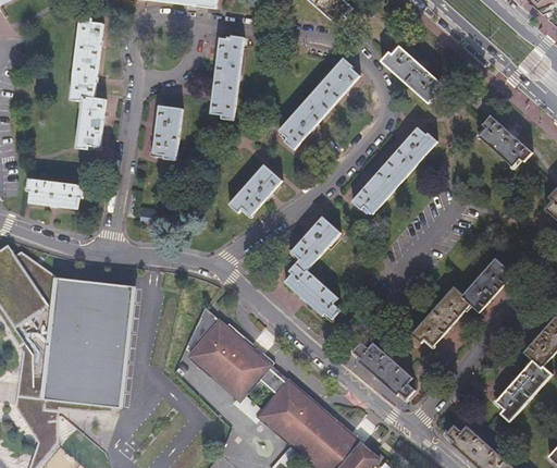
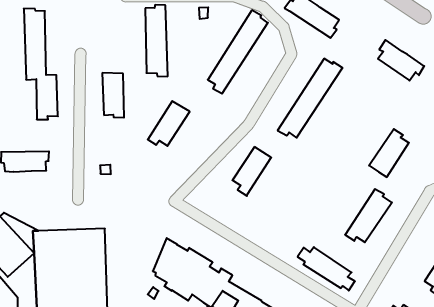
building: [230,164,283,215] -> [148,101,190,146]
building: [461,258,511,312] -> [369,129,409,177]
building: [285,263,341,319] -> none

